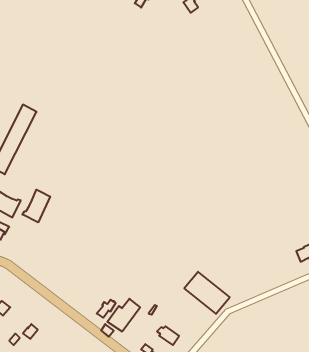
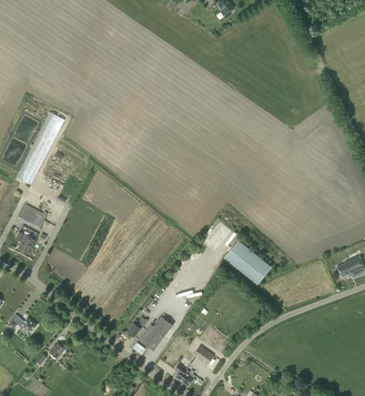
building: [22,190,50,222] -> none
building: [184,272,230,314] -> [224,241,272,285]

